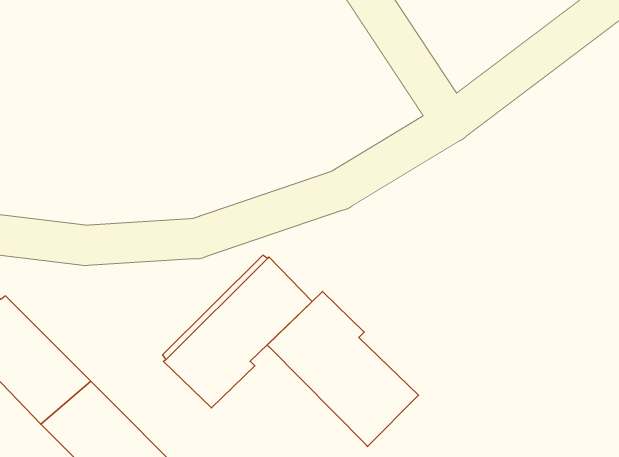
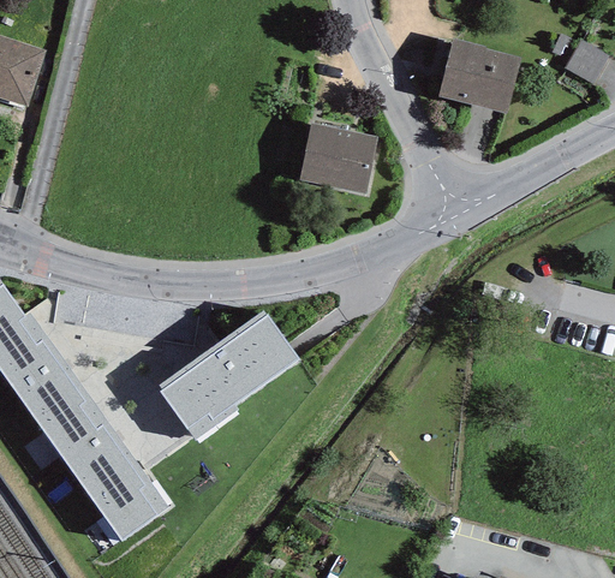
building: none -> [299,123,376,193]
building: [267,291,419,447] -> none

